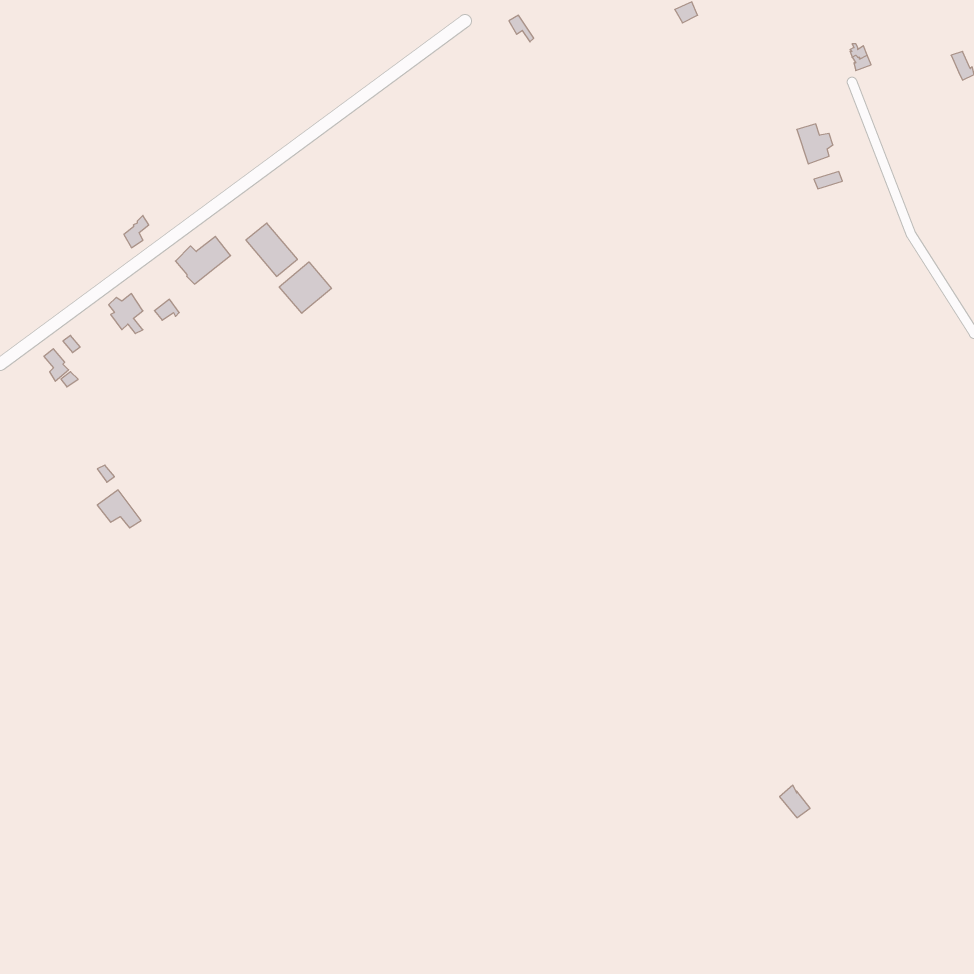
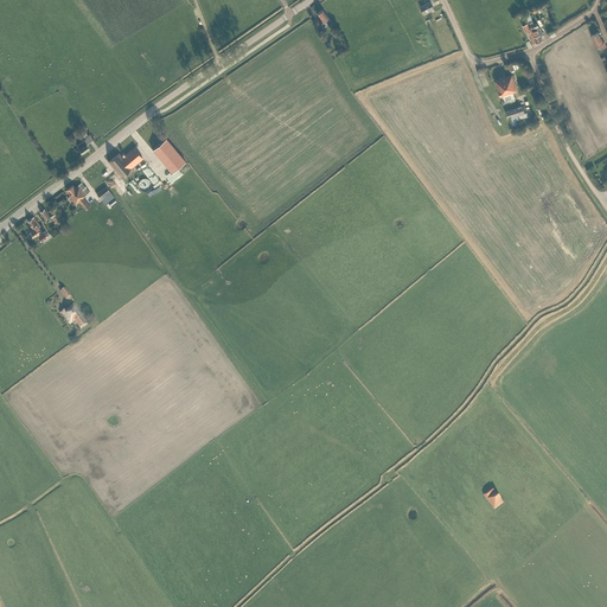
building: [279,262,331,313] -> none

